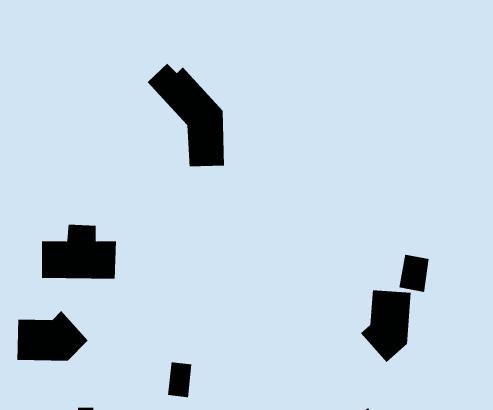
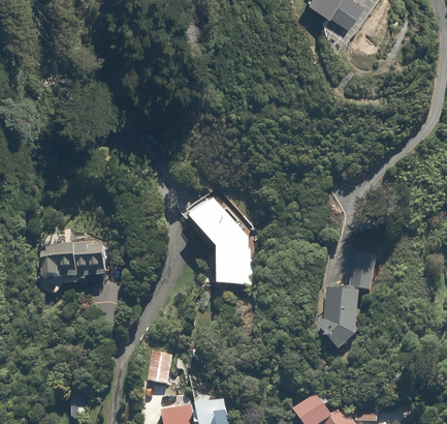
building: [147,63,225,167] -> [184,195,251,285]
building: [17,310,89,361] -> none

